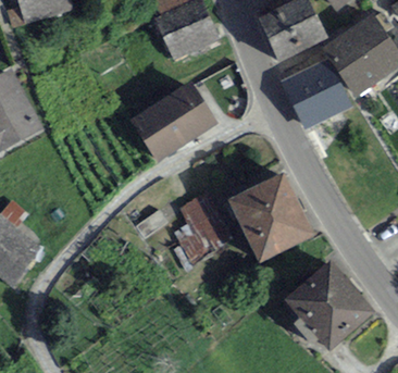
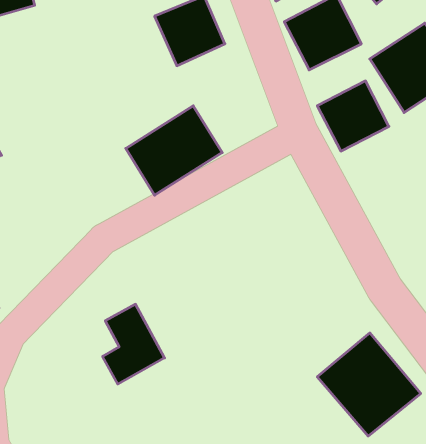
building: [232,176,309,258] -> none
building: [179,192,228,256] -> [103,304,165,384]

